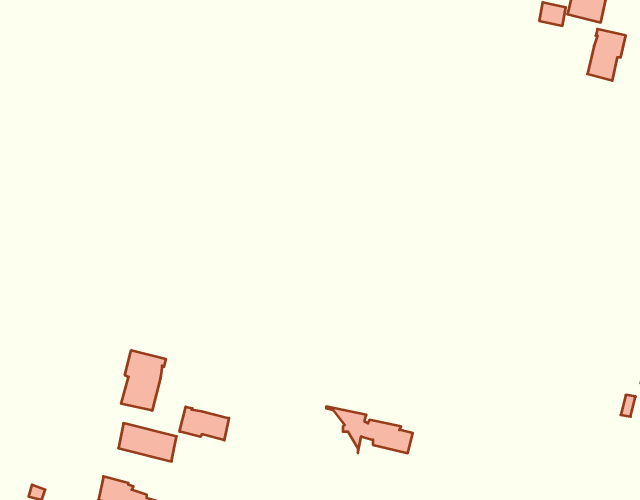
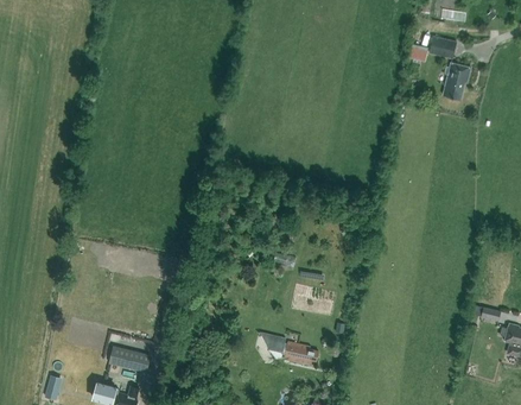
building: [121,350,166,411] -> none
building: [180,407,229,440] -> none

